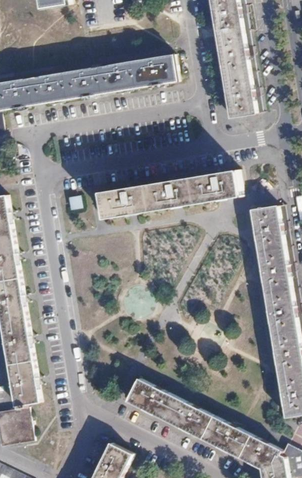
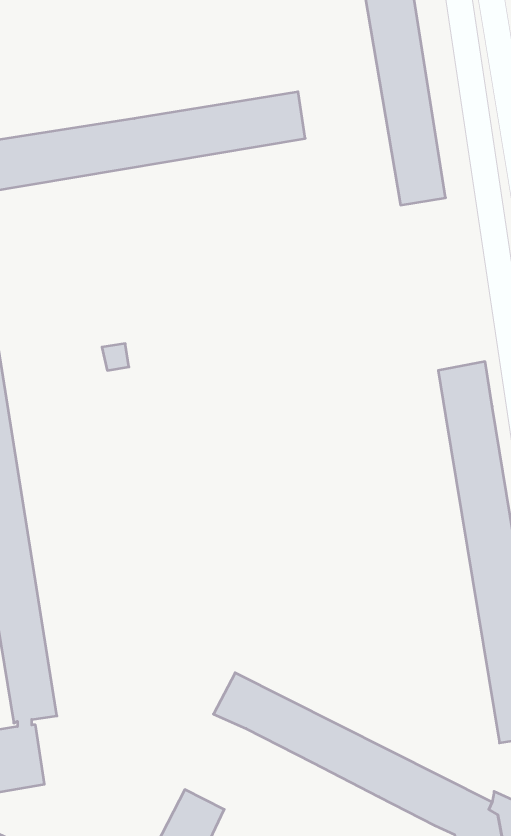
building: [101,169,241,217] -> none

